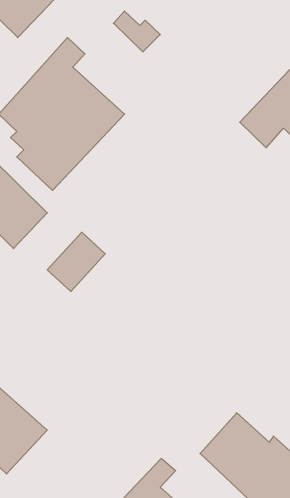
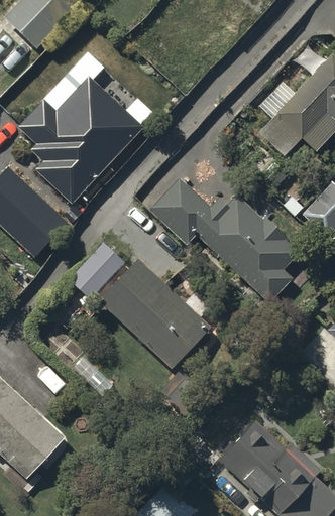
building: none -> [150,178,297,302]
building: none -> [100,262,214,370]

